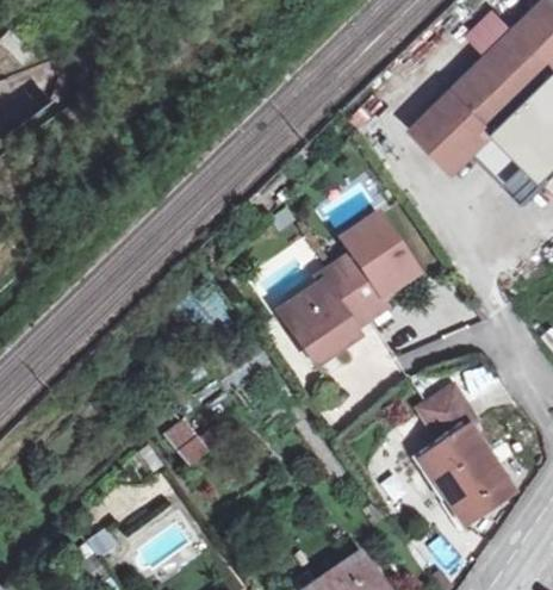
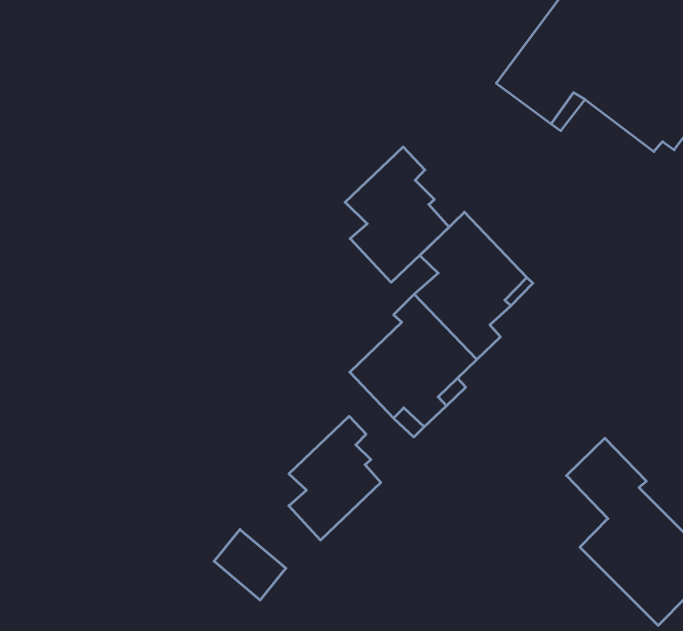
building: none -> [345,147,449,282]
building: none -> [289,416,381,540]

